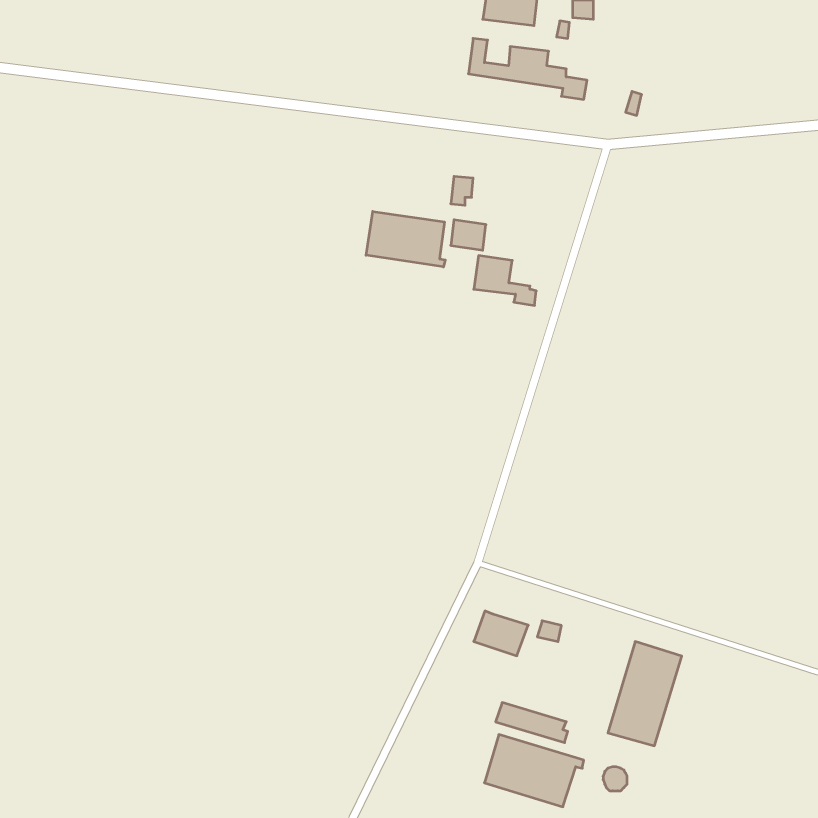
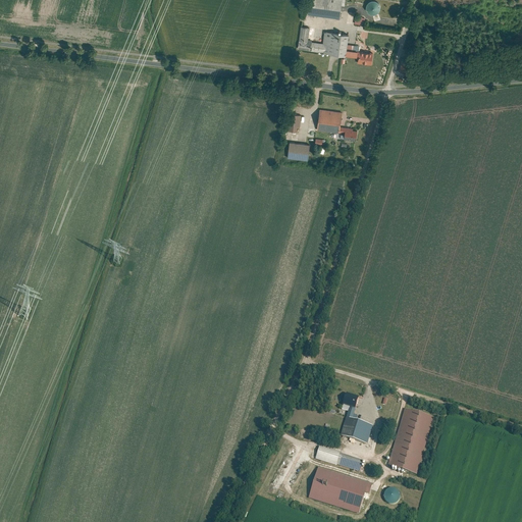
building: [366,211,445,267] -> none
building: [474,256,536,305] -> [317,107,357,139]
building: [474,611,528,656] -> [338,416,373,445]

